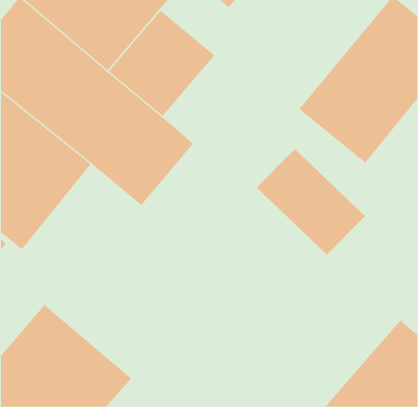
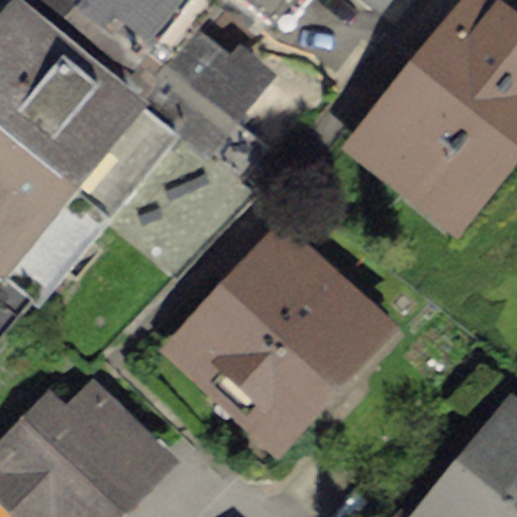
building: [256,148,366,256] -> none
building: none -> [174,229,374,430]

